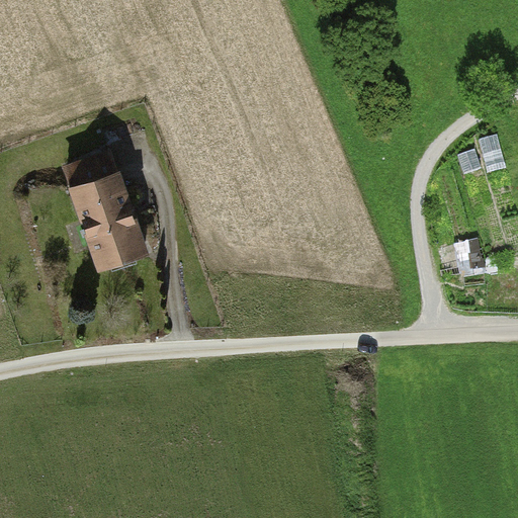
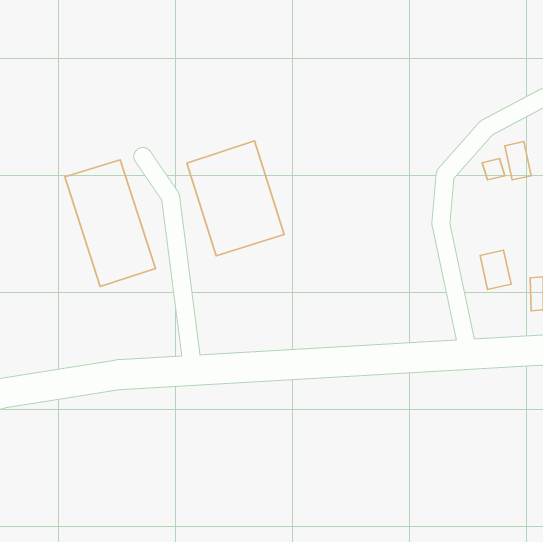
building: none -> [187,141,284,256]

